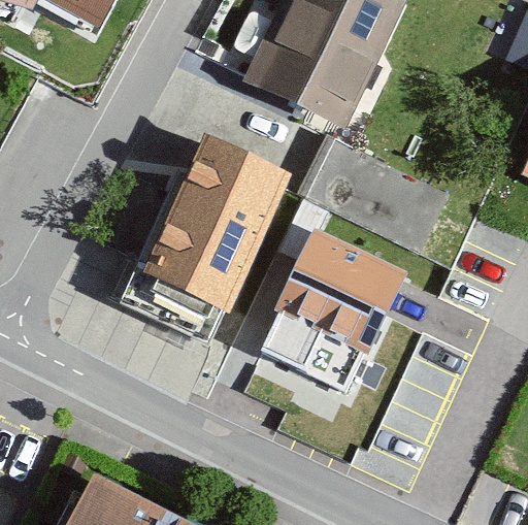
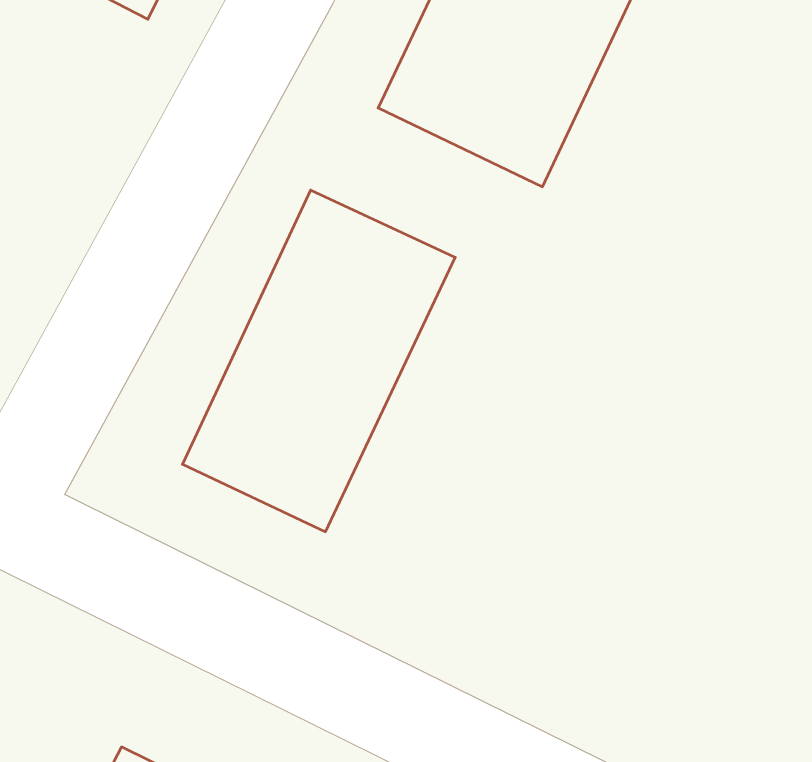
building: [262,231,406,389] -> none

